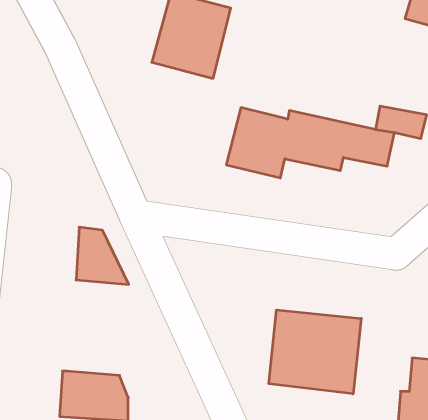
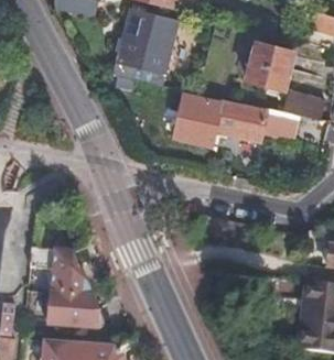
building: none -> [248,41,293,89]
building: [76,227,129,284] -> [54,253,94,296]
building: [269,310,361,394] -> none

